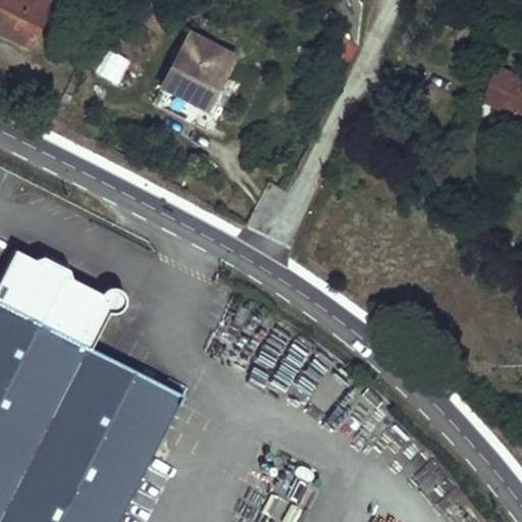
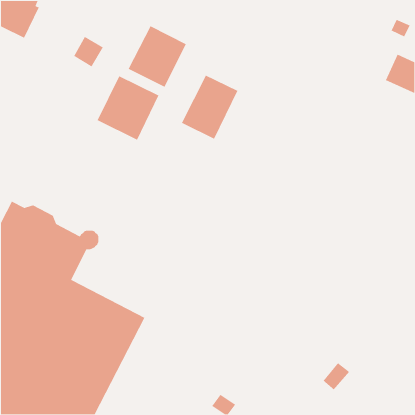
building: none -> [181,74,238,140]
building: none -> [96,75,159,141]

